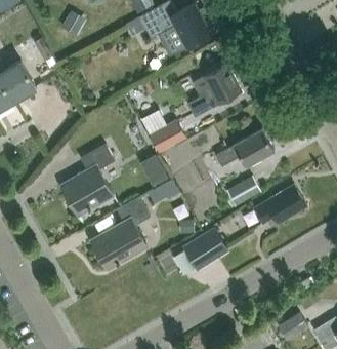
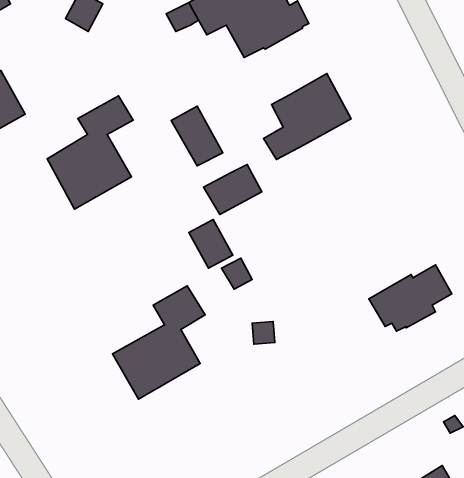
building: [215,130,275,168] -> none
building: [60,146,115,218] -> [47,96,133,209]
building: [226,177,261,207] -> none
building: [182,227,229,272] -> none

